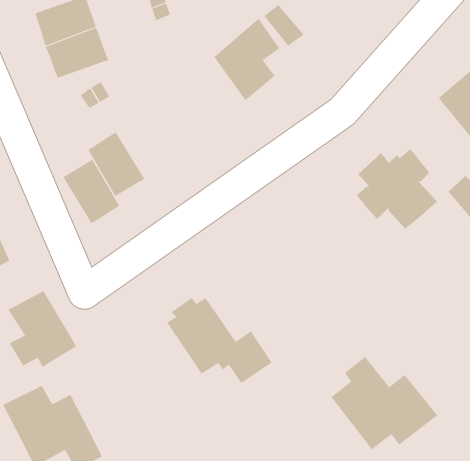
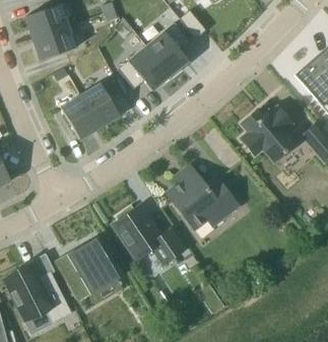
building: none -> [115,46,167,92]
building: [62,159,120,224] -> [80,83,119,127]
building: [7,290,77,368] -> [71,235,118,287]
building: [330,356,438,450] -> [167,165,239,228]

